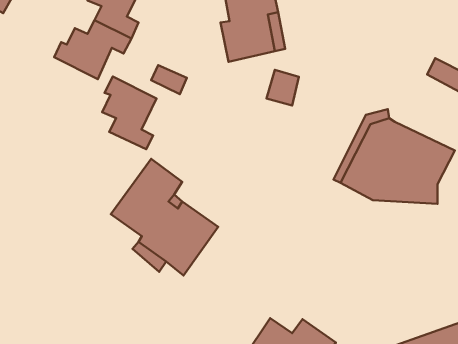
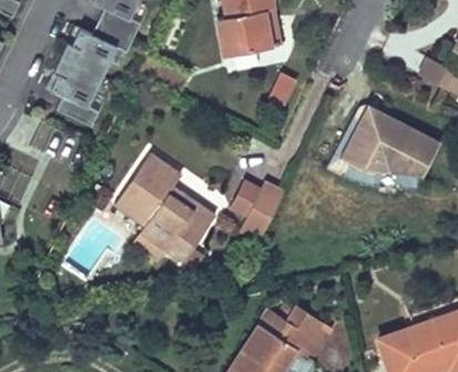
building: [102,77,157,149] -> [51,57,103,127]
building: none -> [223,178,285,235]

